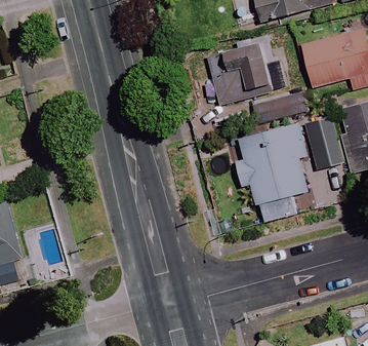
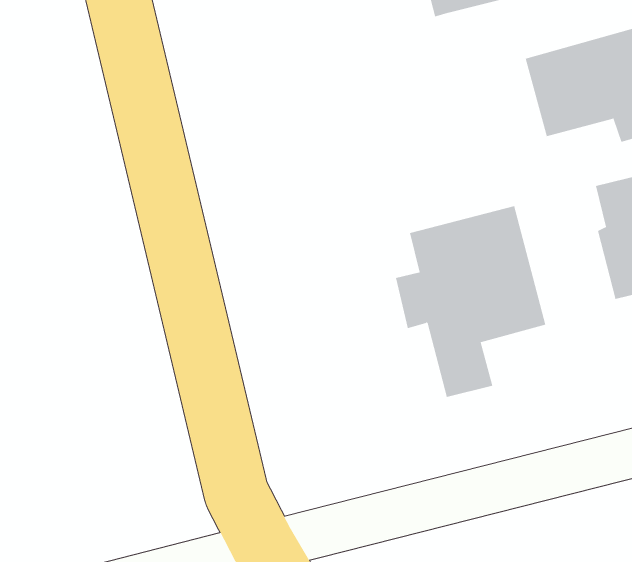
building: [208,43,288,106] -> none
building: [306,118,343,171] -> none

